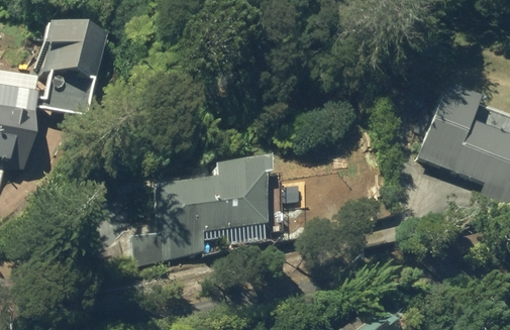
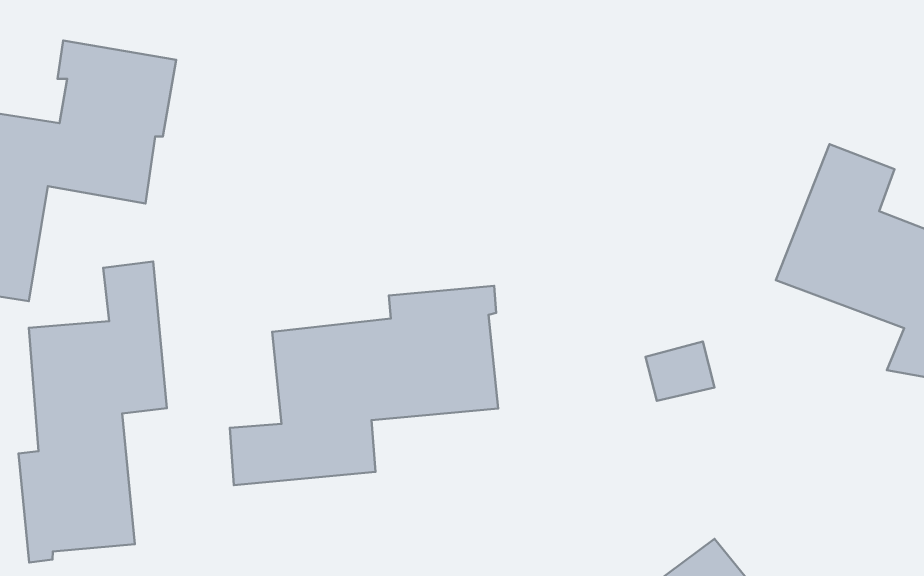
building: none -> [19,262,167,562]

